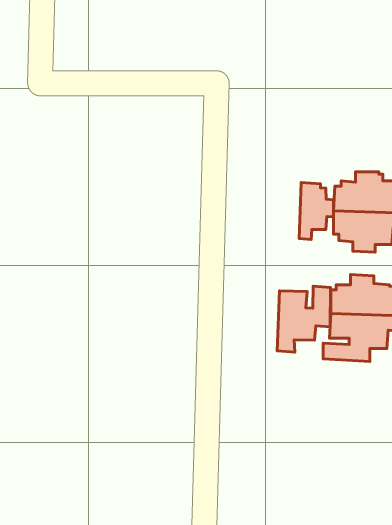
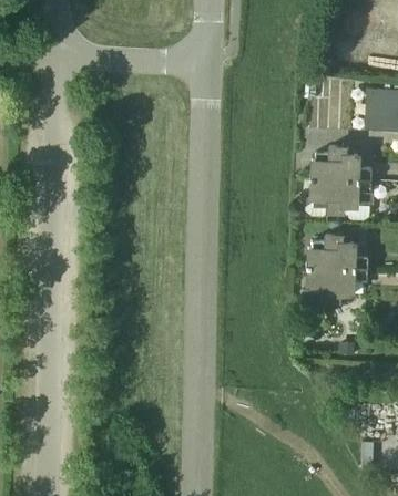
building: [299,182,334,239] -> none
building: [277,286,331,352] -> none

